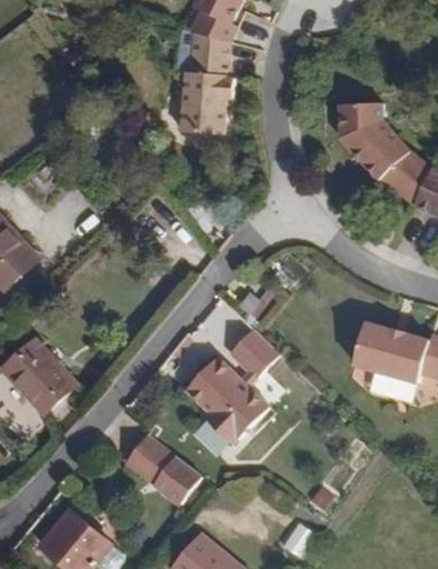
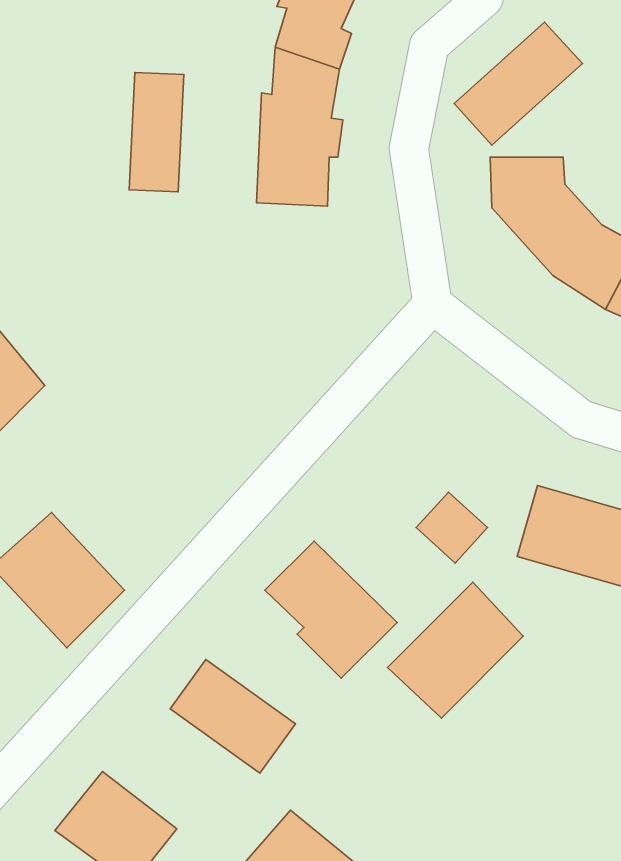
building: none -> [454,22,583,145]
building: none -> [129,72,184,192]
building: [231,329,278,376] -> [416,492,487,563]
building: none -> [387,582,523,718]

